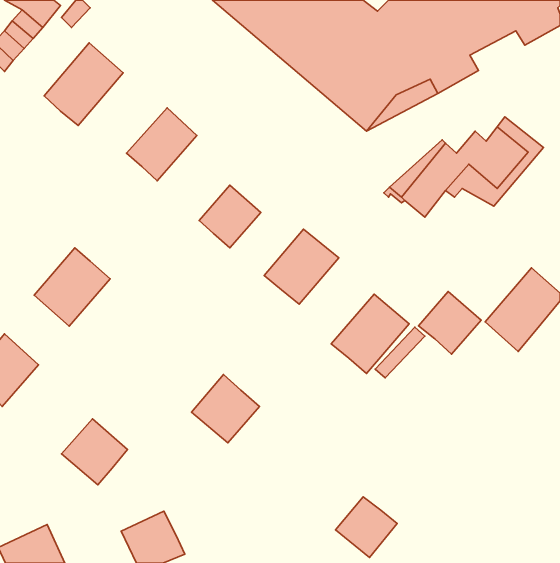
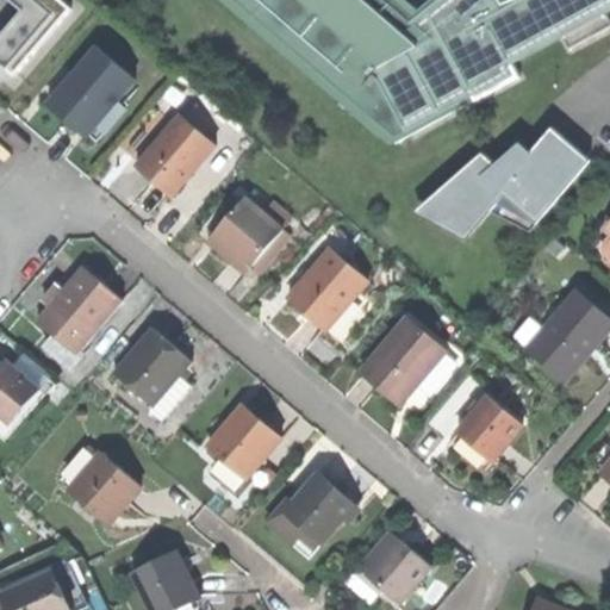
building: [418,292,481,354] -> [456,393,524,461]
building: none -> [113,328,191,405]
building: none -> [281,473,351,544]

